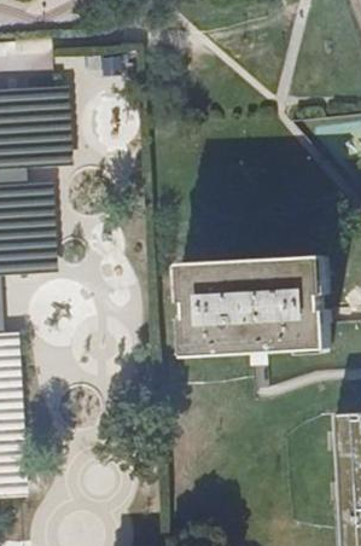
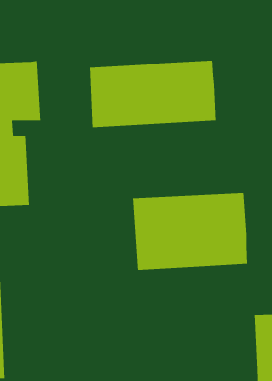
building: none -> [89,60,216,128]

